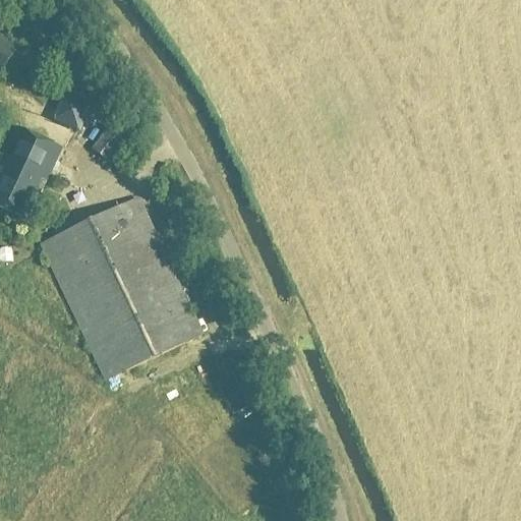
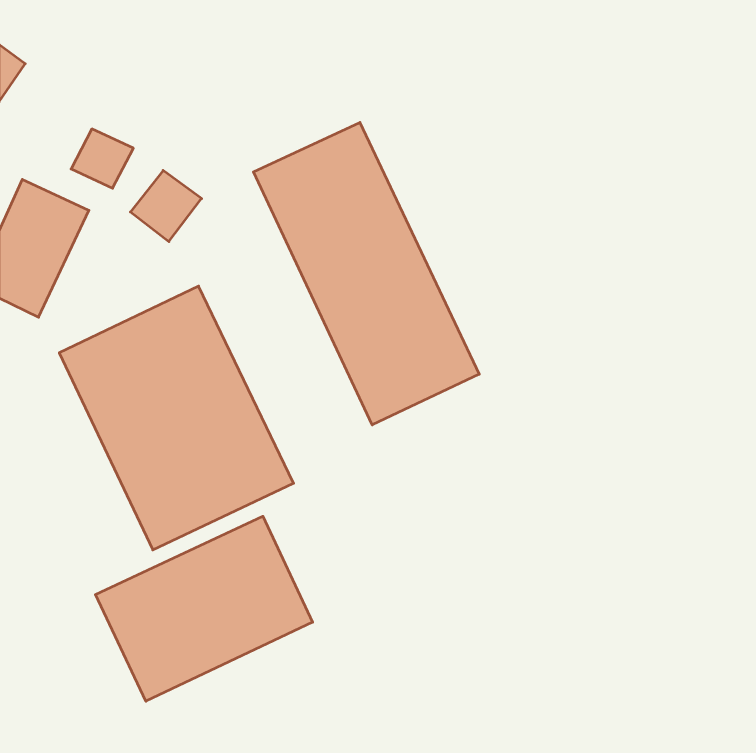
building: none -> [253,122,479,425]
building: none -> [95,516,313,701]

